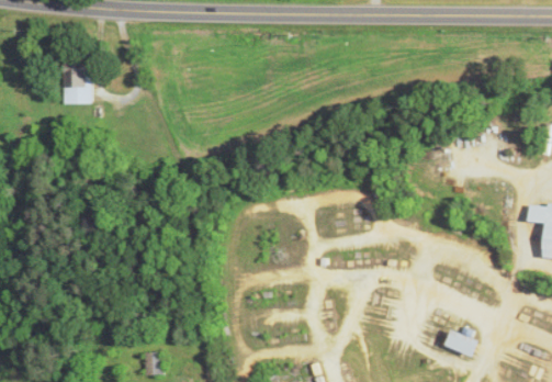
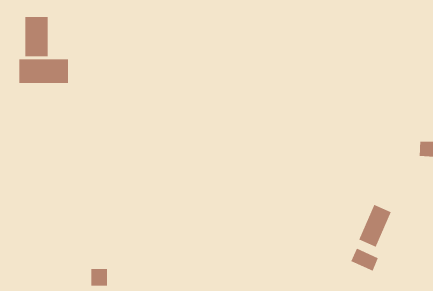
building: none -> [19,59,69,84]
building: none -> [358,204,392,248]

